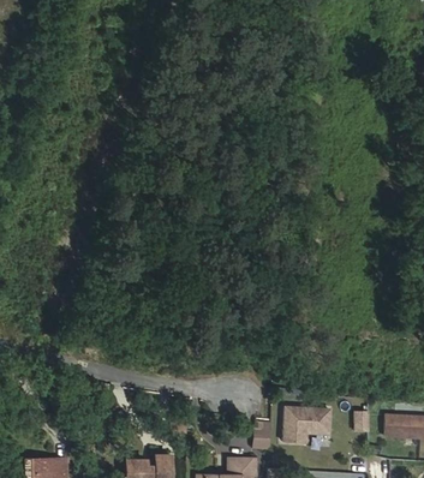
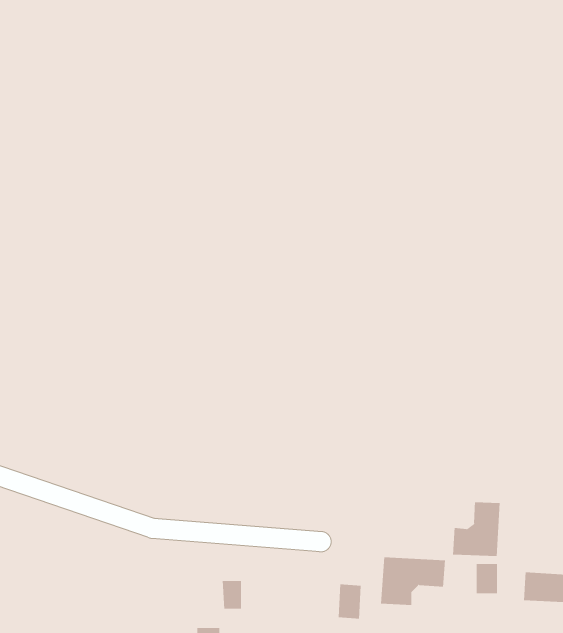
building: none -> [452,501,500,557]

